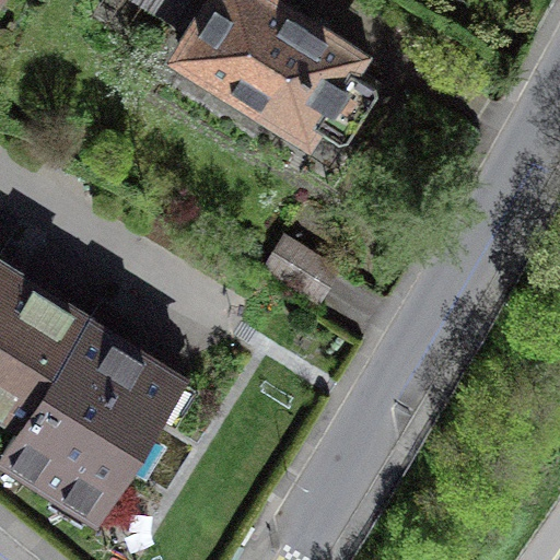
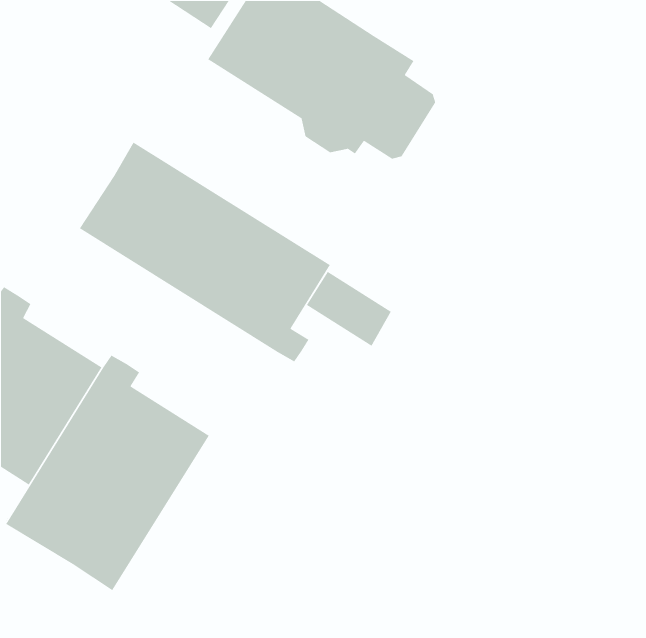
building: none -> [79,142,331,363]

